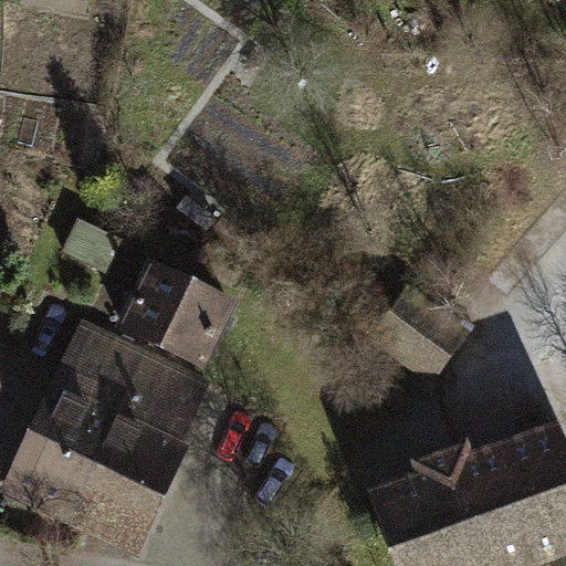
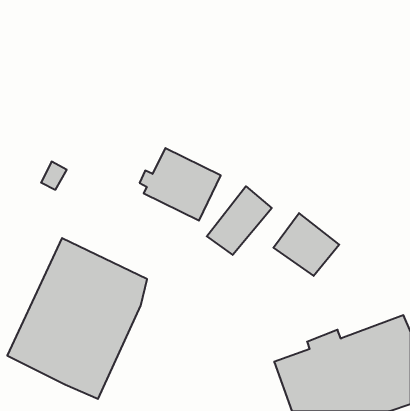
building: none -> [207,186,272,255]
building: [120,268,232,367] -> [140,148,221,221]

